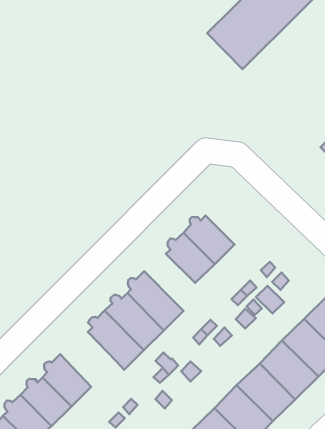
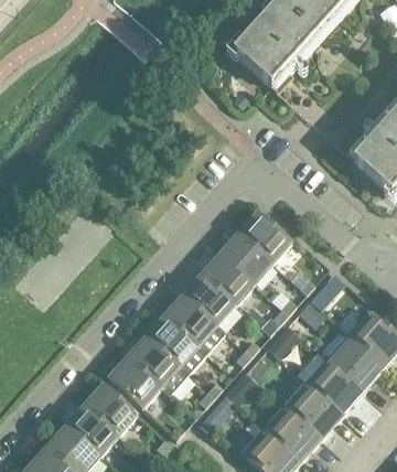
building: none -> [242,211,291,262]
building: none -> [183,276,235,324]
building: none -> [108,358,161,408]

